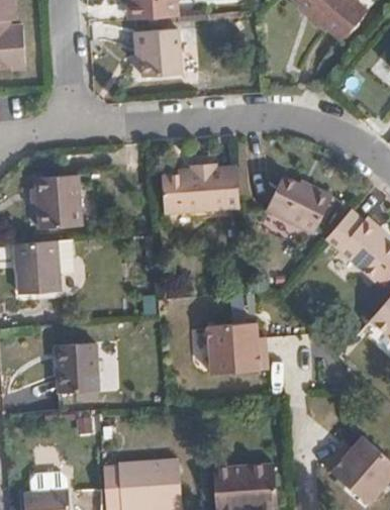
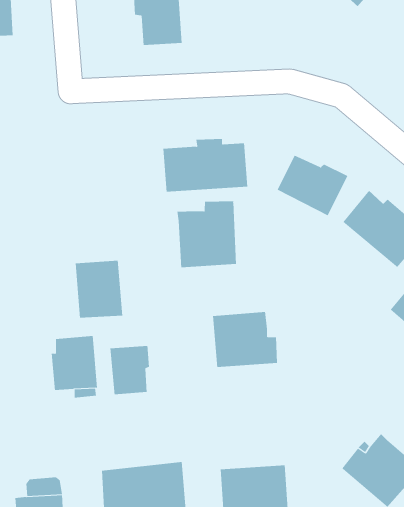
building: [36,176,82,229] -> none
building: none -> [177,201,237,268]
building: [16,240,61,294] -> [75,260,123,318]
building: none -> [110,345,150,395]

